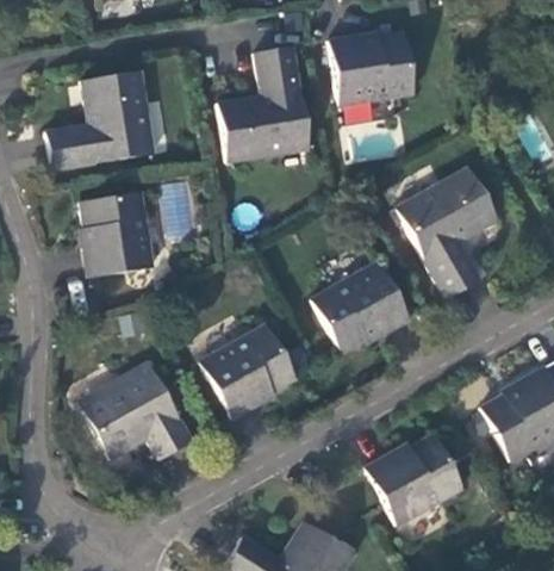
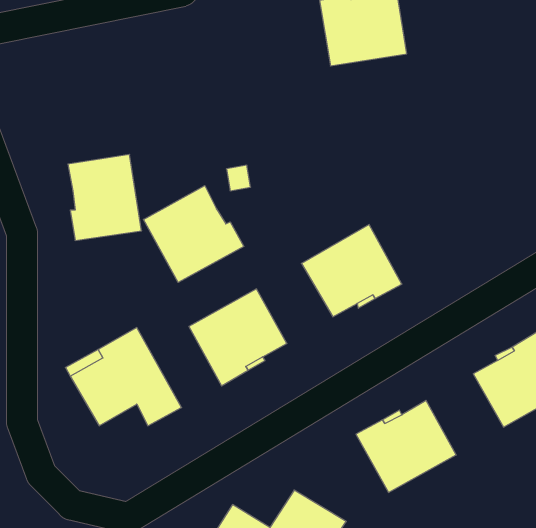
building: [218,46,310,161] -> none
building: [45,70,155,169] -> none
building: [396,167,498,298] -> none
building: none -> [143,186,244,282]

